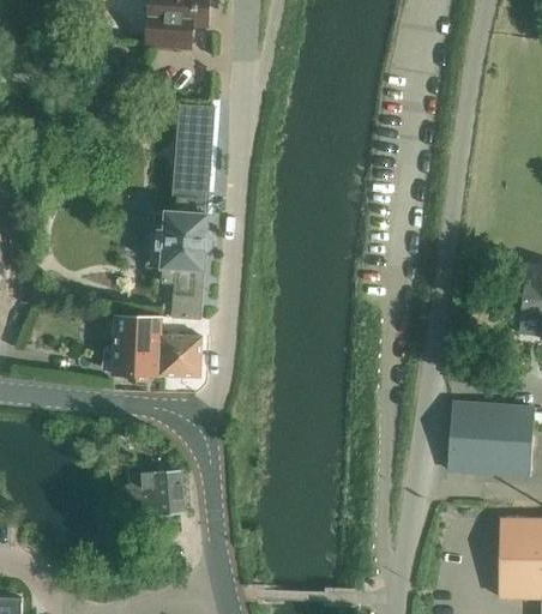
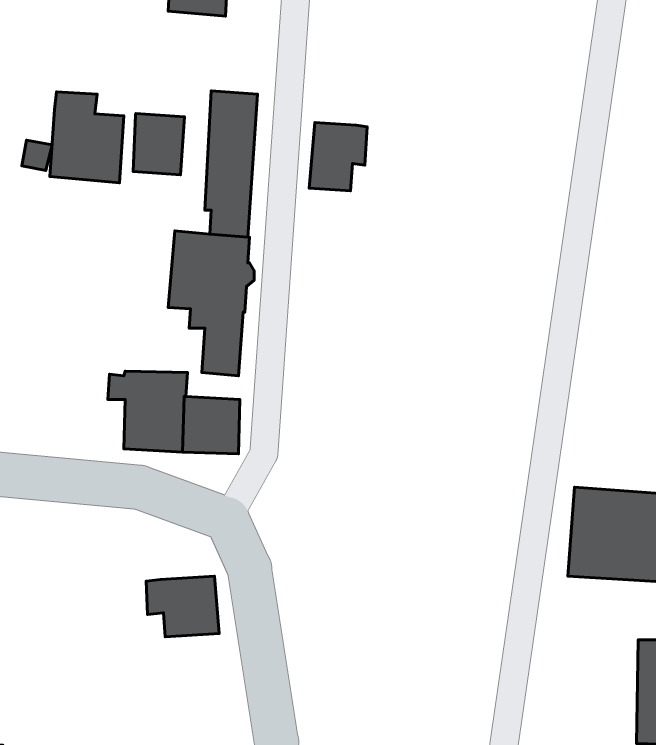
building: none -> [50,92,124,183]
building: none -> [133,114,184,175]
building: none -> [309,122,367,191]

